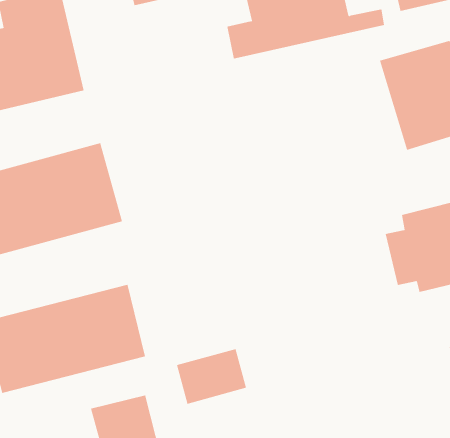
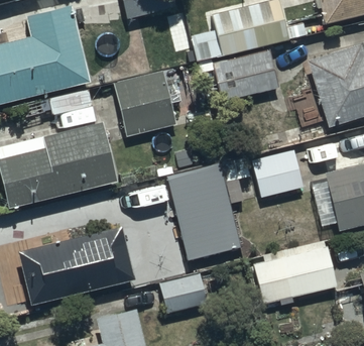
building: none -> [200,48,281,101]
building: none -> [114,75,177,137]
building: none -> [166,145,309,260]
building: none -> [252,240,338,305]

